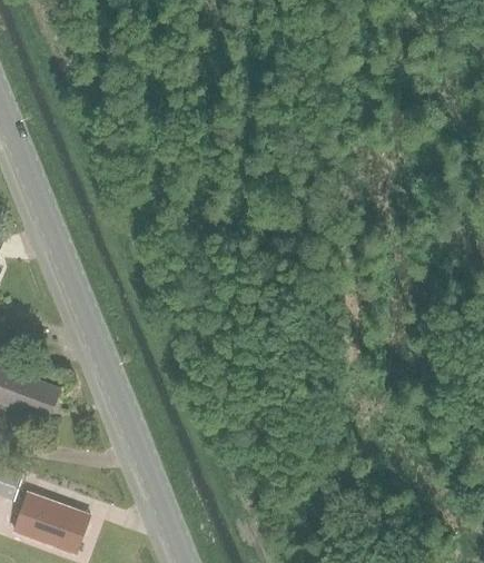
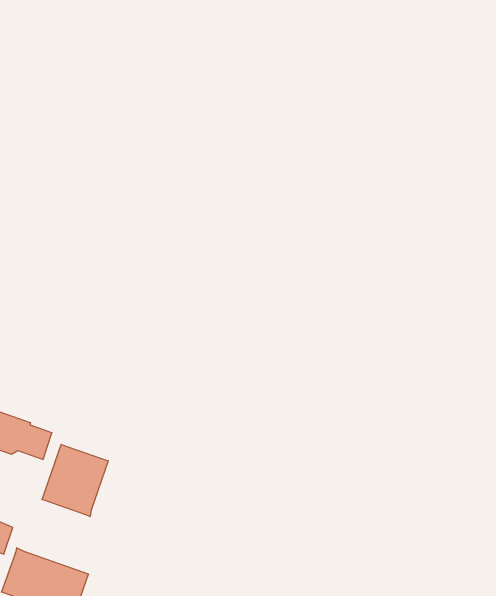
building: none -> [42,444,108,517]

